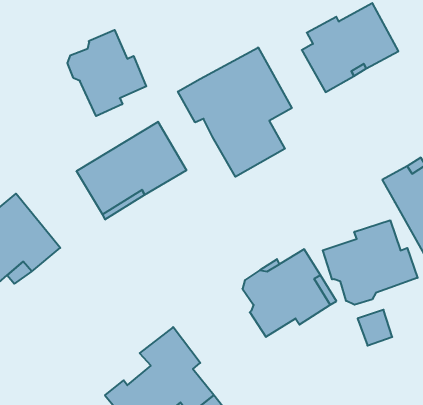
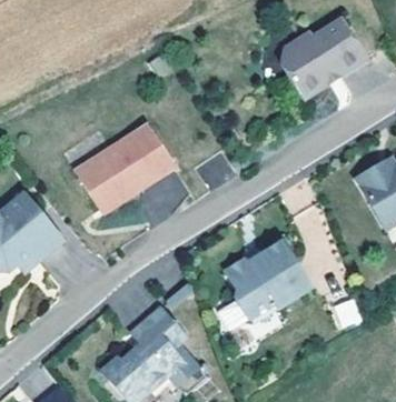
building: [68,30,146,116] -> none
building: [178,47,292,177] -> none
building: [323,220,418,305] -> none

